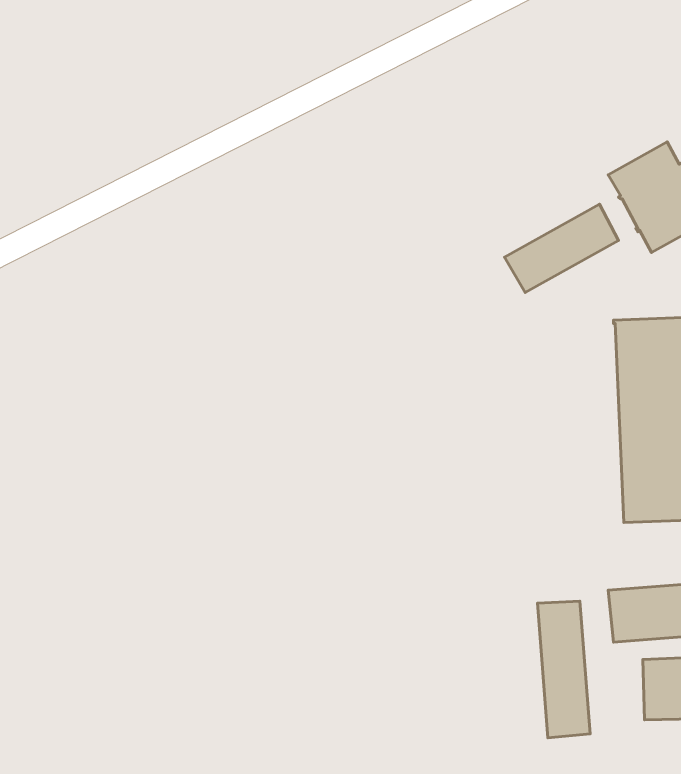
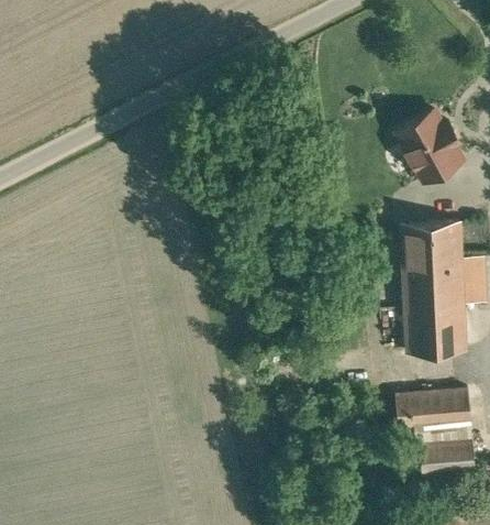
building: [505,204,619,293] -> none
building: [537,601,590,738] -> none

